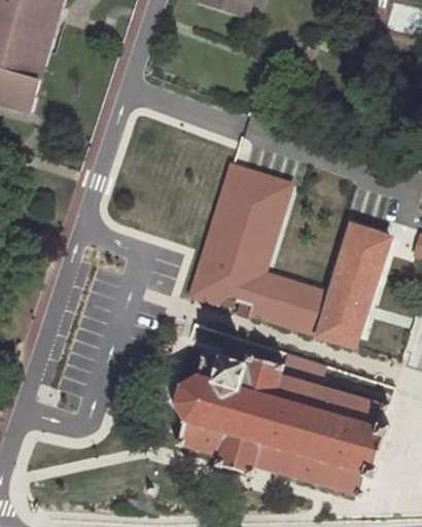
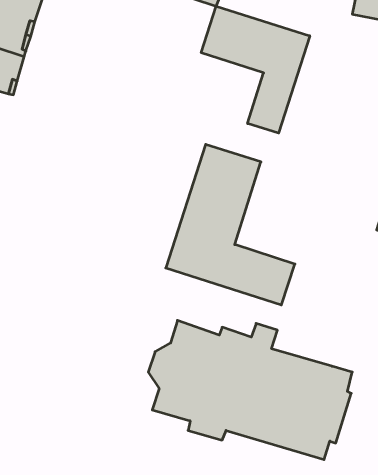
building: none -> [201,6,310,133]
building: [313,222,387,346] -> none

